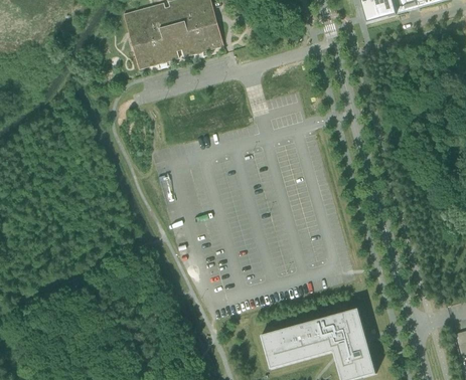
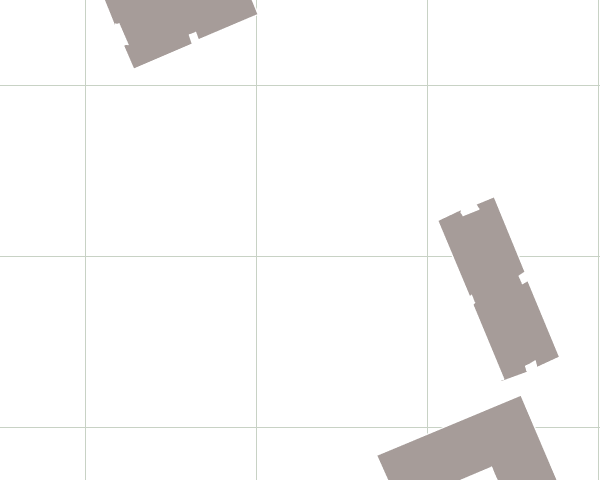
building: none -> [434,196,563,382]

